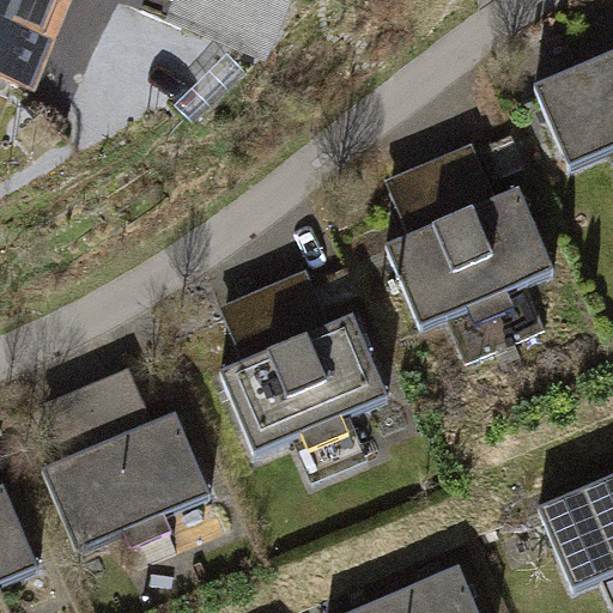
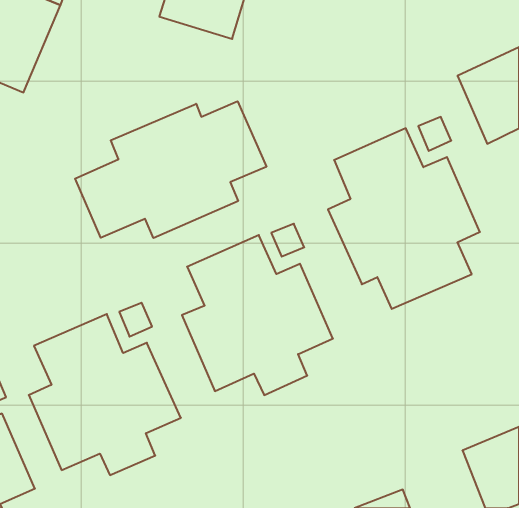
building: none -> [75,101,266,238]

